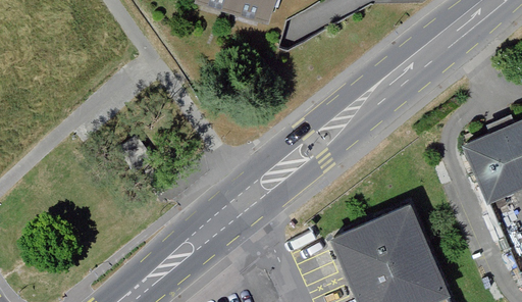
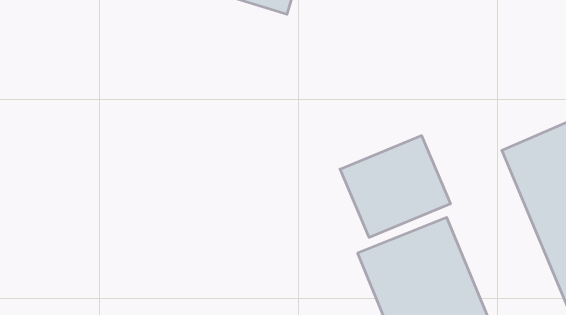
building: none -> [340,136,450,237]

